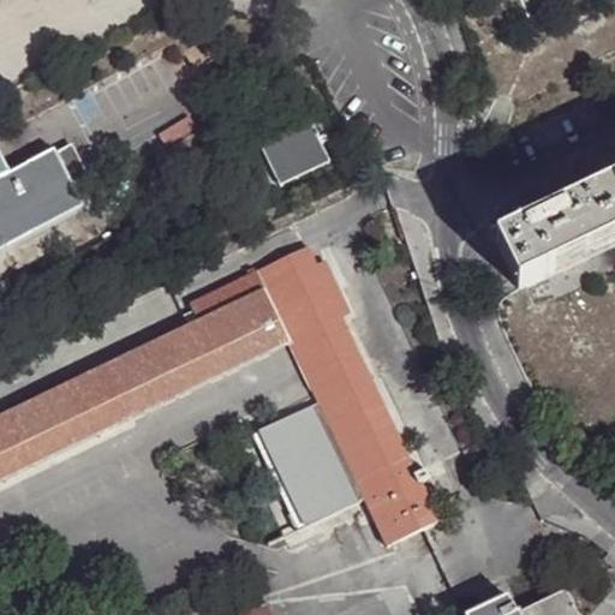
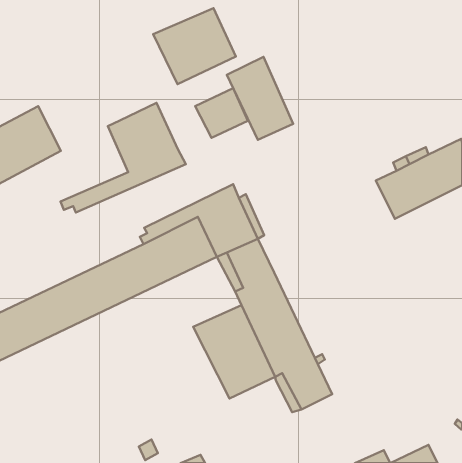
building: none -> [153,8,236,84]
building: none -> [227,57,293,140]
building: none -> [60,103,186,212]

